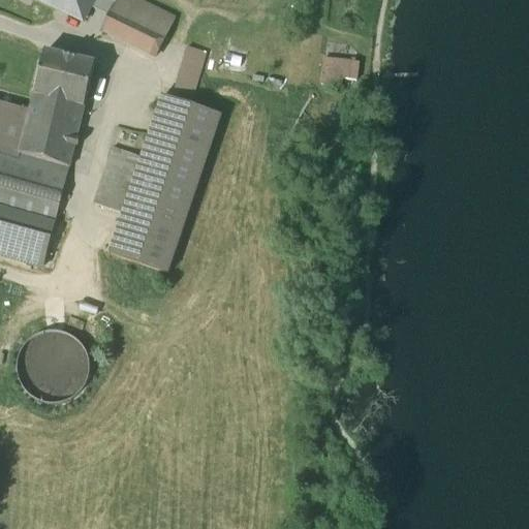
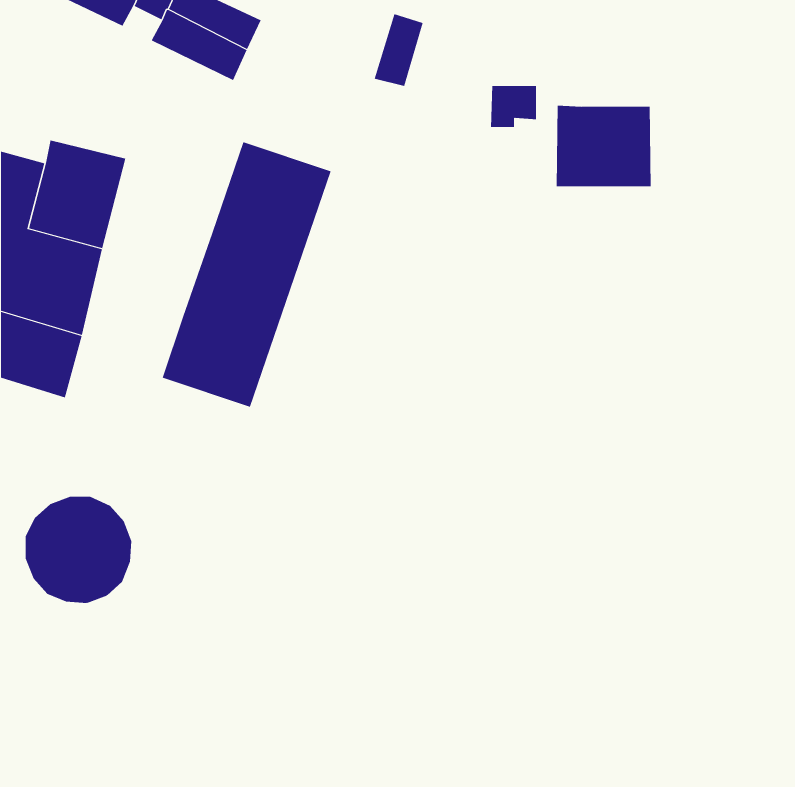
building: [173,44,206,93] -> [374,13,424,86]
building: [33,50,94,105] -> none
building: none -> [556,105,651,187]
building: [93,146,141,211] -> none

